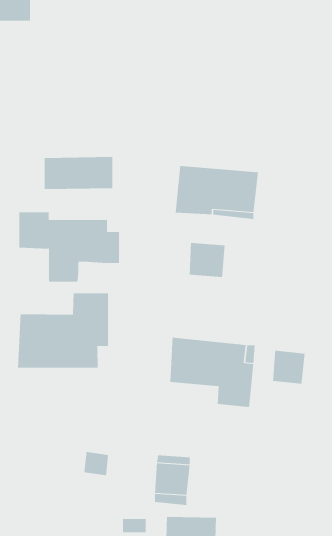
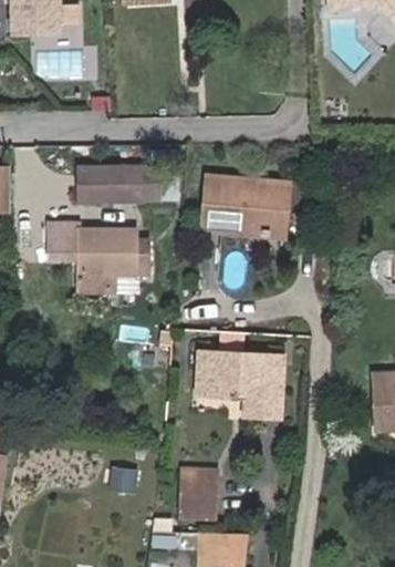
building: [189,242,225,278] -> none
building: [18,292,109,369] -> none
building: [273,350,305,384] -> none

